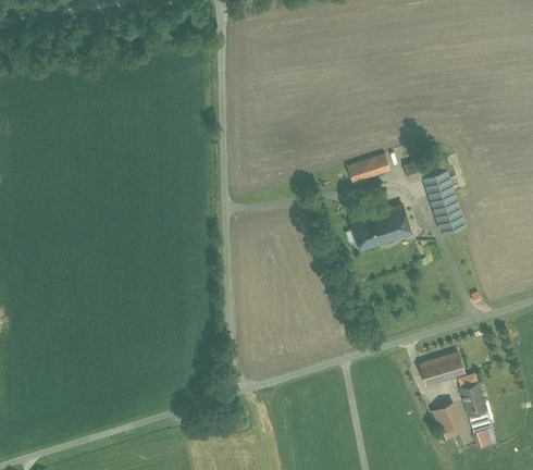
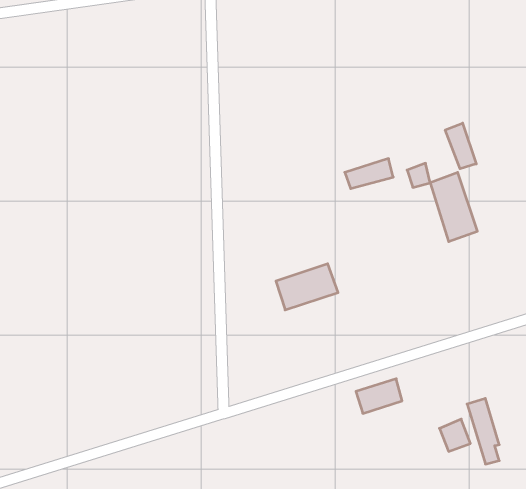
building: none -> [445,123,476,169]
building: [352,203,411,247] -> [276,264,338,310]
building: [419,351,462,384] -> [356,379,402,413]

